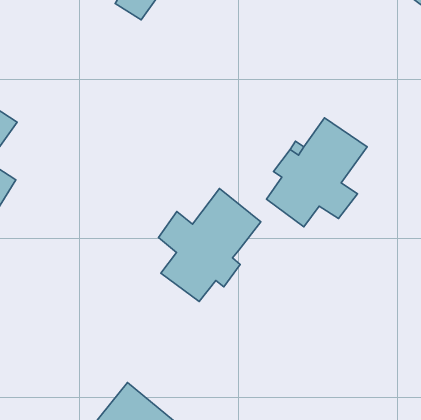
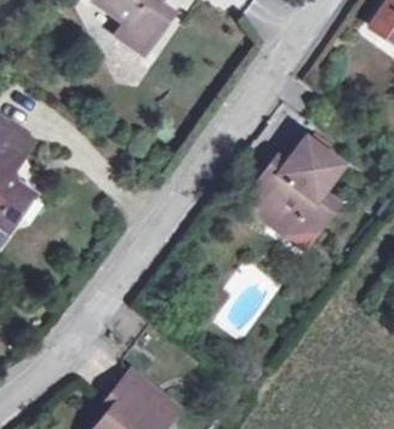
building: [158,188,261,302] -> none

